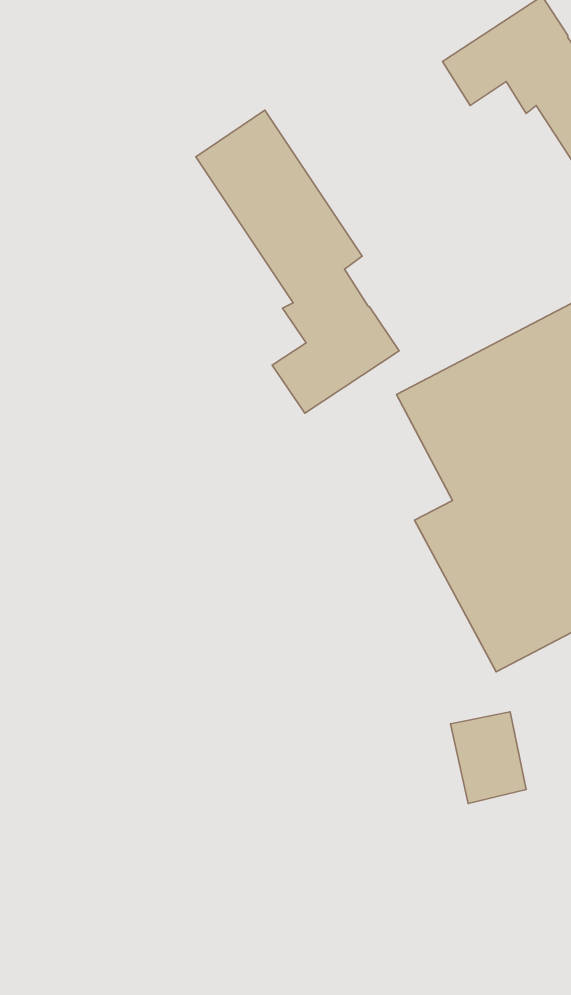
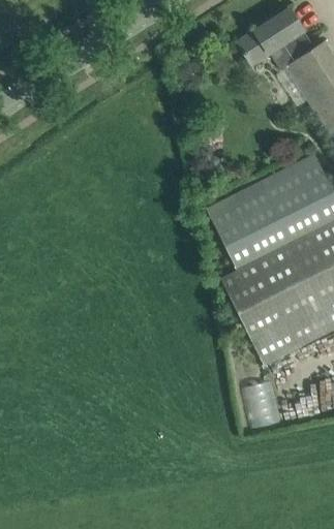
building: [196,110,399,413] -> none

